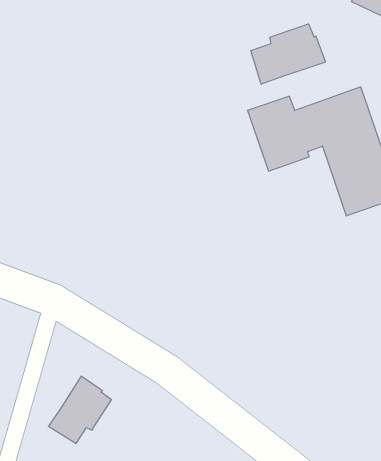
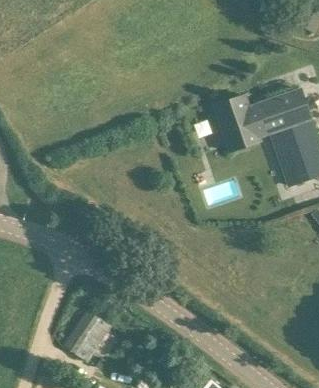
building: [251,24,326,84] -> none

